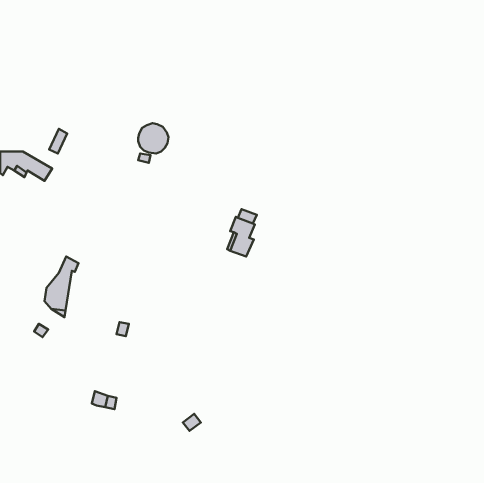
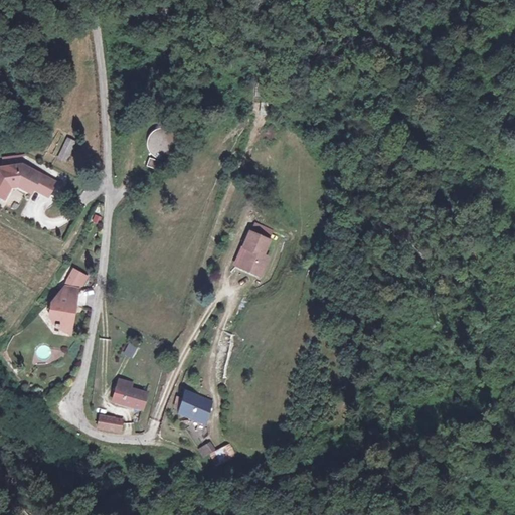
building: none -> [113,382,147,413]
building: none -> [173,391,209,418]

